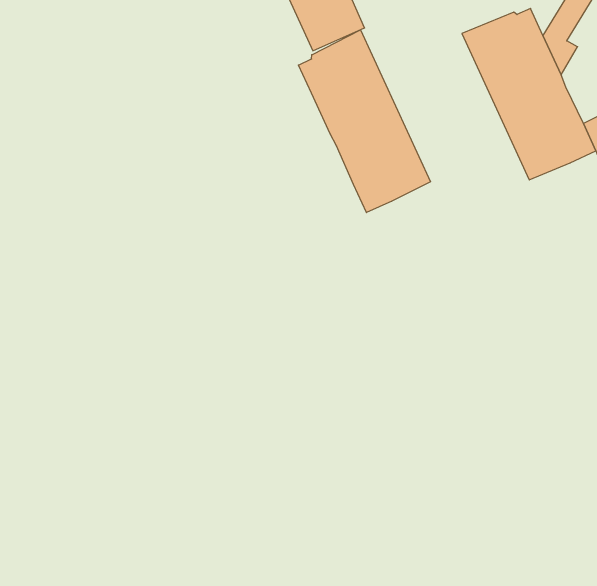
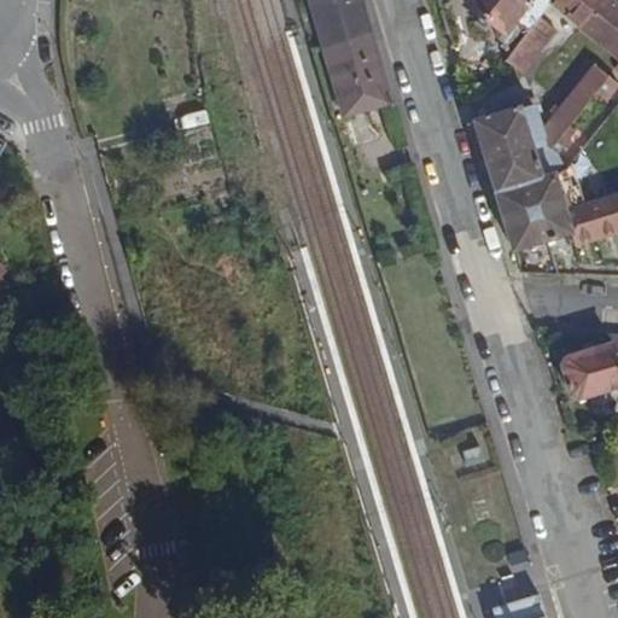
building: [298,30,430,213] -> none

